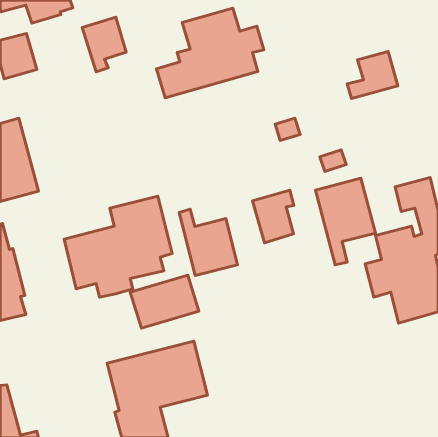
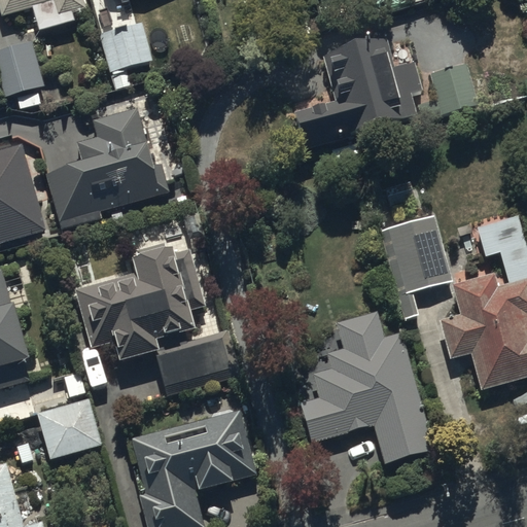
building: [157,8,264,98] -> [293,39,422,147]
building: none -> [44,106,170,230]
building: [253,190,294,243] -> none
building: [179,209,238,276] -> none
building: none -> [298,311,432,462]
building: none -> [36,398,102,460]

